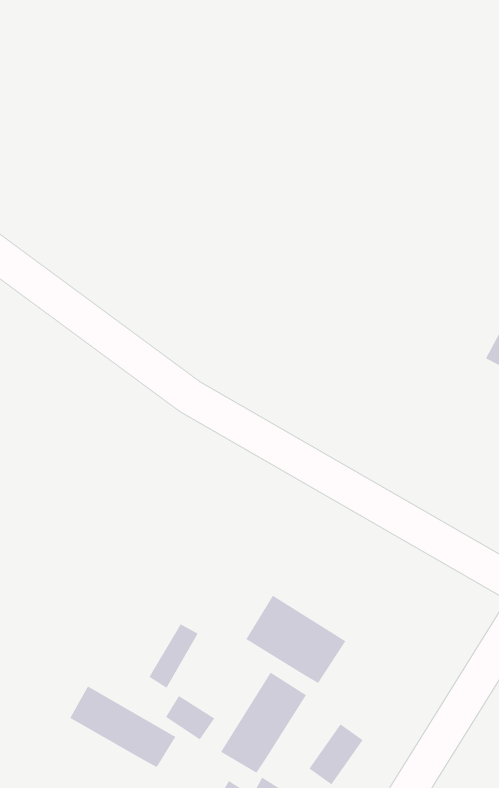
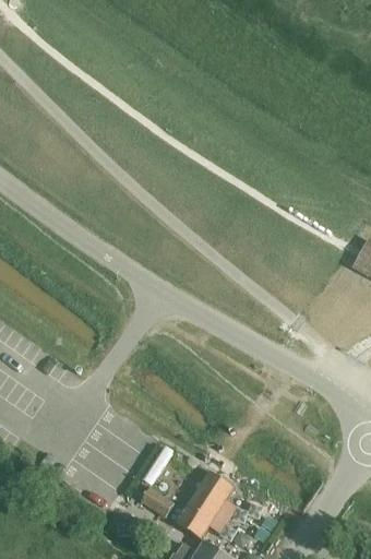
building: [245,595,346,684] -> none
building: [69,686,176,768] -> none

